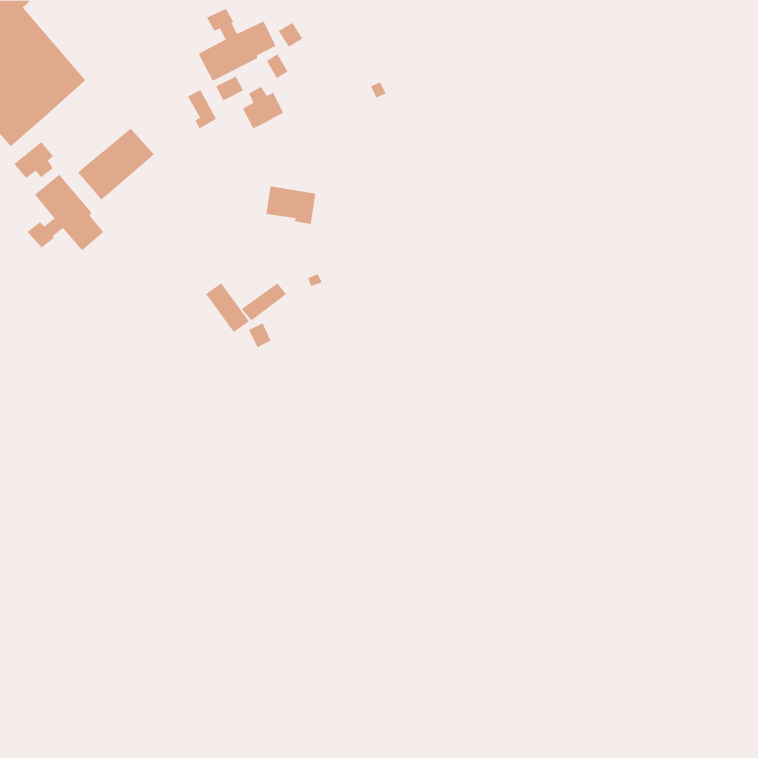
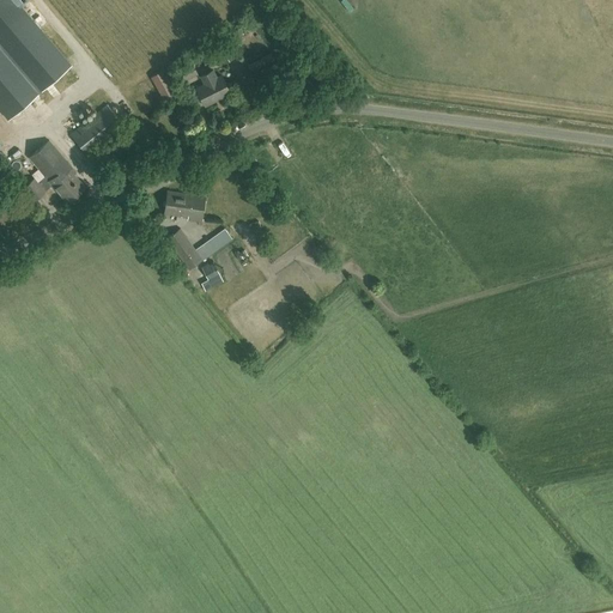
building: [198,8,276,82] -> none
building: [13,141,54,179] -> none
building: [265,186,316,225] -> [163,192,204,223]

